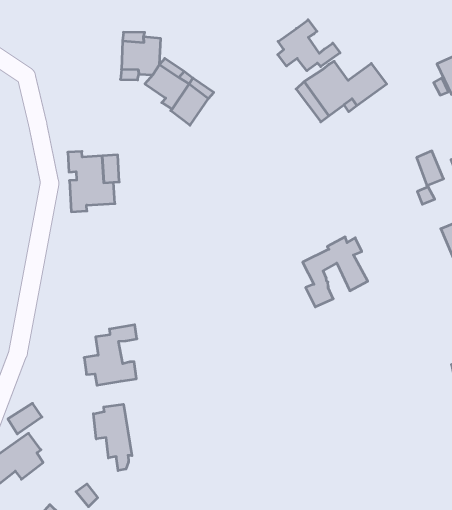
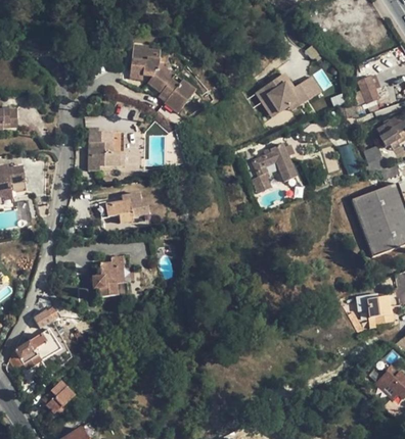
building: [278,20,340,71] -> none
building: [303,237,368,307] -> [251,143,297,192]
building: none -> [98,193,148,224]
building: [93,404,132,471] -> none

